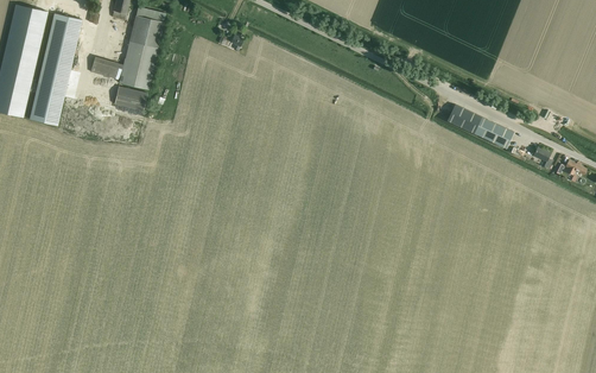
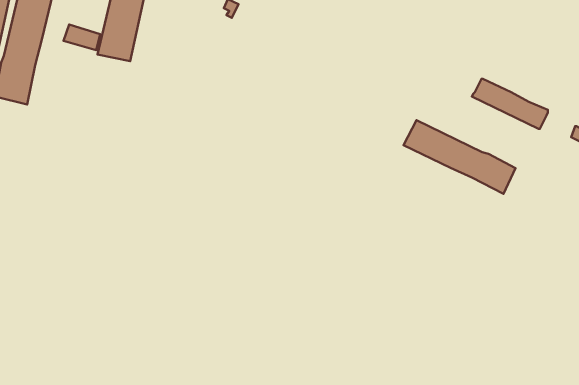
building: [114,83,147,109] -> none
building: none -> [404,120,515,194]

